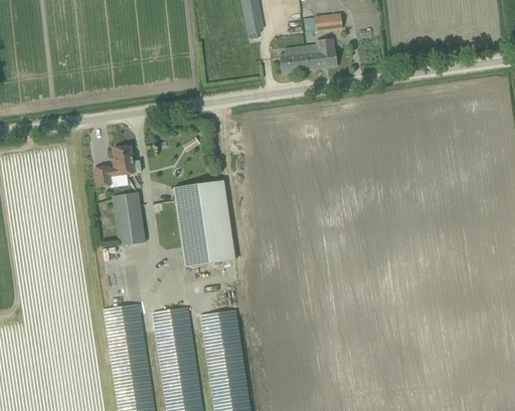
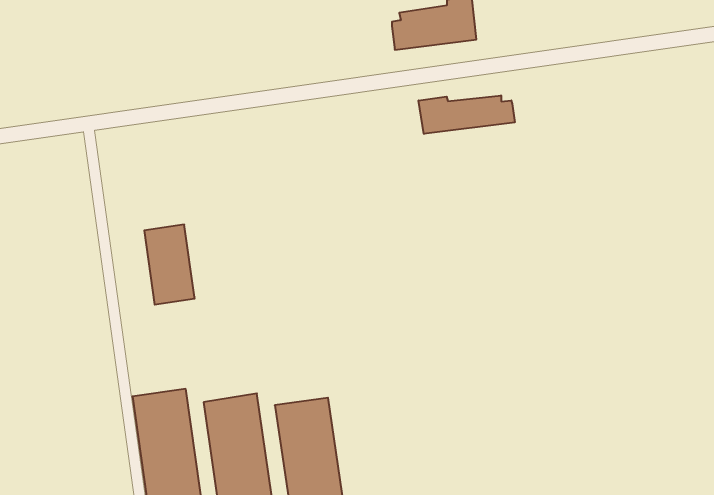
building: none -> [419,95,515,134]
building: [94,146,141,186] -> none
building: [173,180,235,266] -> none

